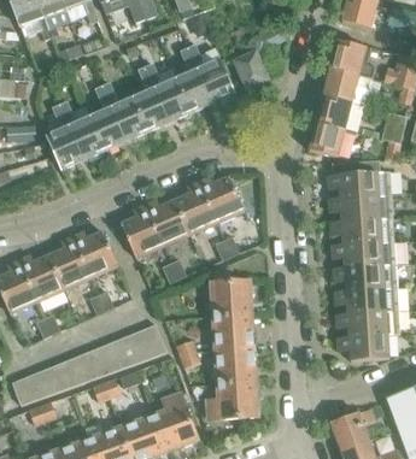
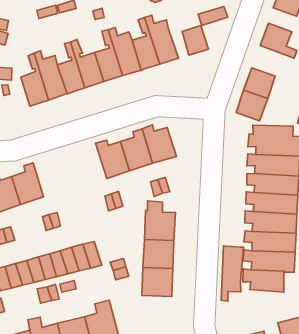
building: [322,69,371,107] -> none
building: [119,206,162,258] -> none
building: [71,233,115,277] -> none
building: none -> [221,246,243,301]
building: [207,381,256,418] -> none

